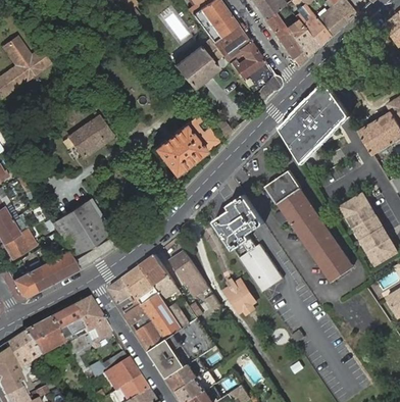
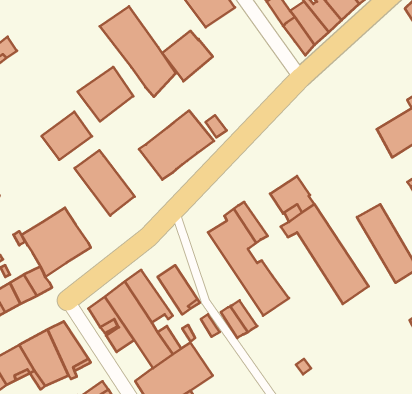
building: [212,24,279,103] -> [100,6,176,97]
building: none -> [78,67,133,121]
building: [283,83,351,163] -> none
building: none -> [75,150,135,216]
building: [135,314,166,350] -> none

